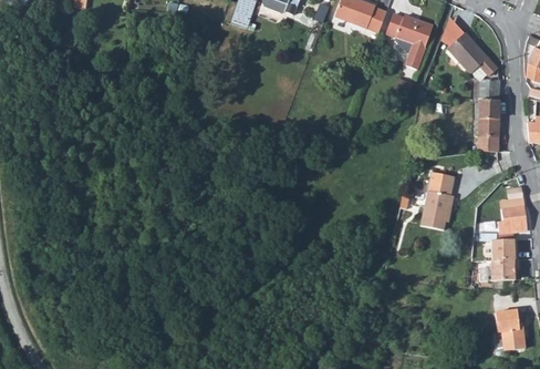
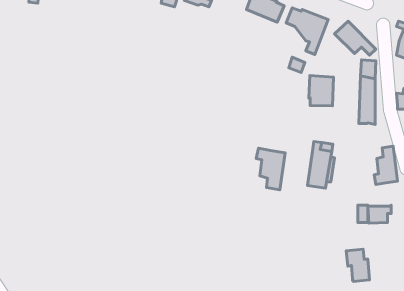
building: none -> [309,75,333,106]
building: none -> [256,148,285,190]
building: [490,239,518,260] -> none
building: [497,308,526,348] -> [346,249,370,282]

